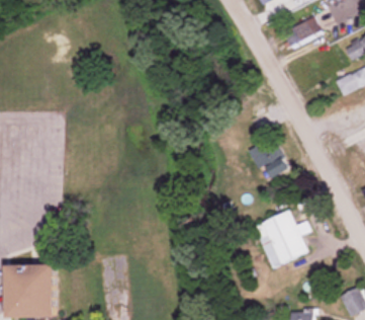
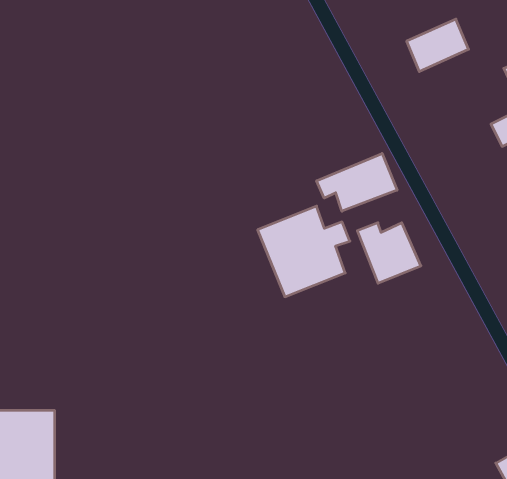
building: none -> [317,153,397,211]
building: [252,211,310,268] -> [258,206,350,297]

